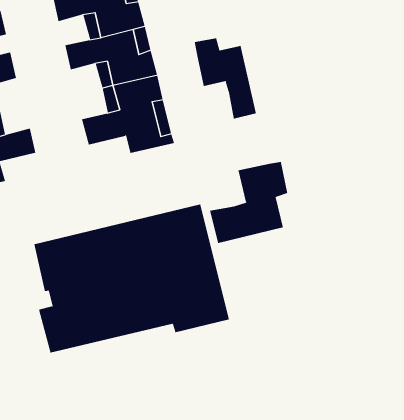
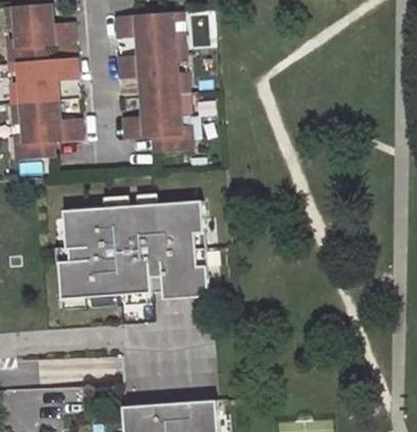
building: [194,38,257,119] -> none
building: [209,161,288,244] -> none

